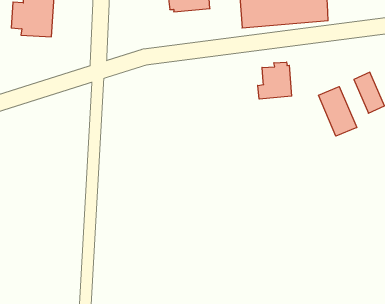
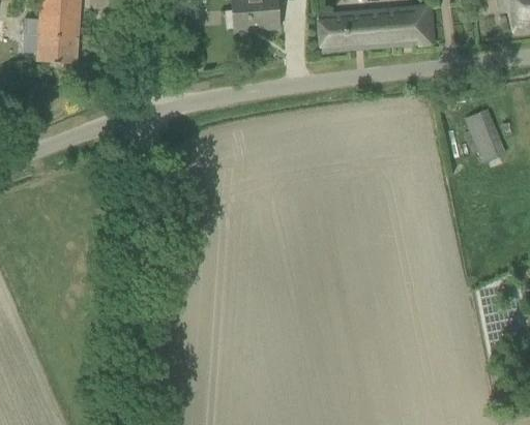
building: [258,62,292,99] -> none
building: [318,87,357,136] -> none

